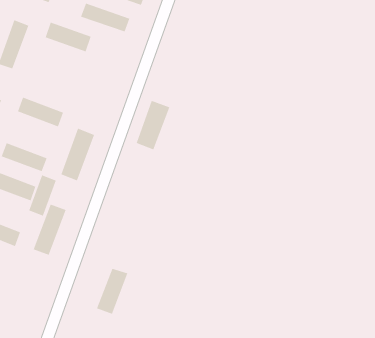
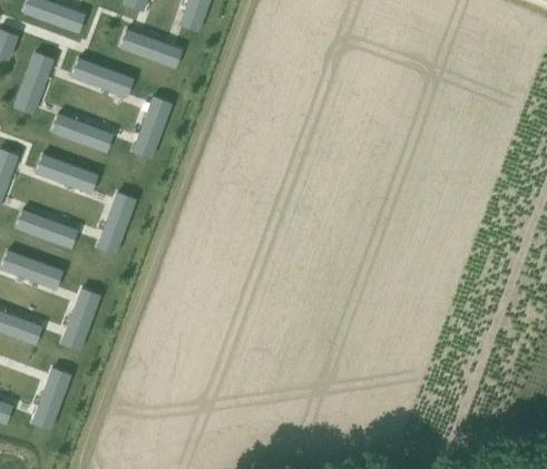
building: none -> [51,116,111,154]
building: [136,100,170,150] -> [130,97,175,162]
building: [29,174,56,216] -> none
building: [96,268,128,315] -> [30,371,71,431]

